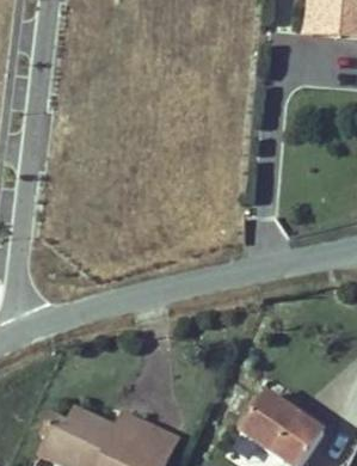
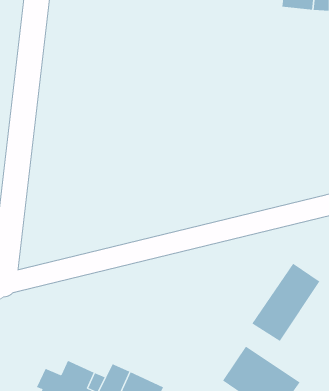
building: none -> [252,263,320,342]

